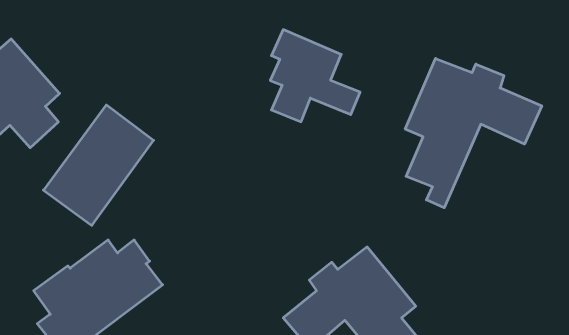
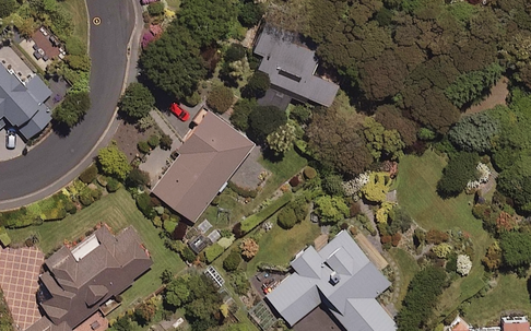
building: [405,58,542,208] -> none
building: [43,105,154,225] -> [149,114,250,225]

